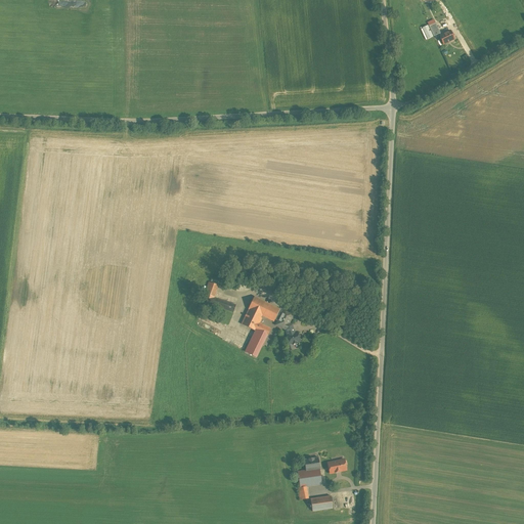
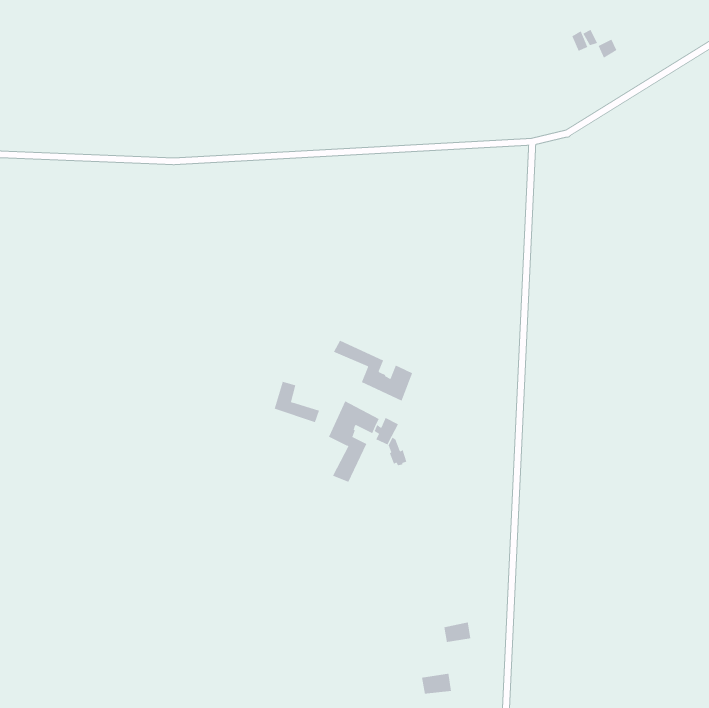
building: none -> [333,340,413,401]
building: [298,457,321,499] -> none

